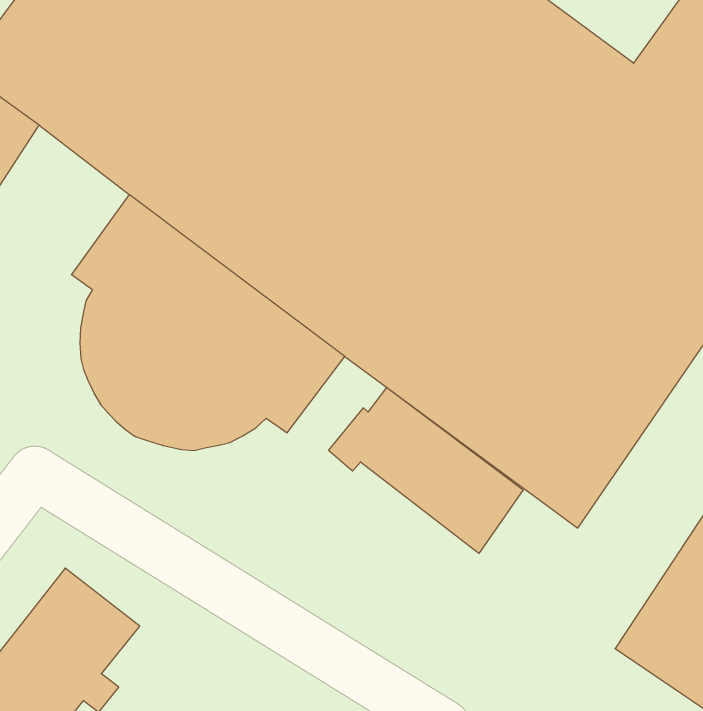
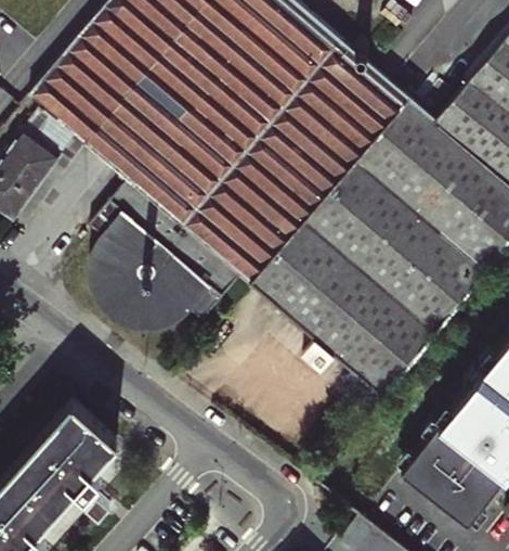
building: [329,387,523,553] -> none

